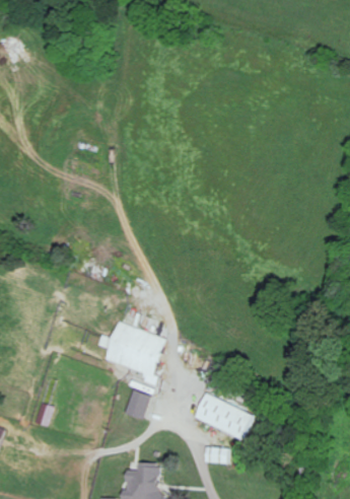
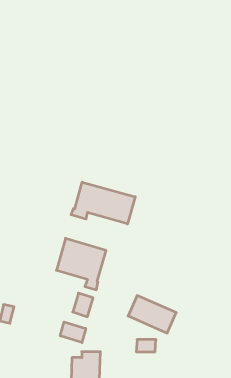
building: none -> [71,182,135,224]
building: none -> [60,322,86,343]

